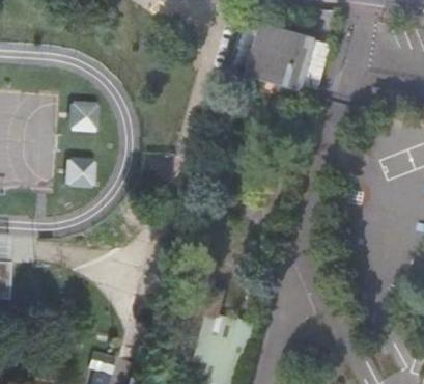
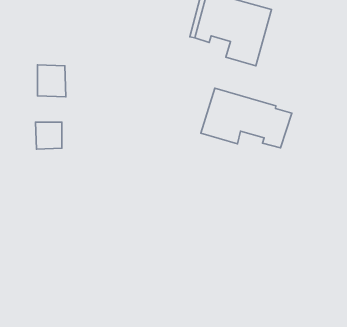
building: none -> [201,88,292,148]

